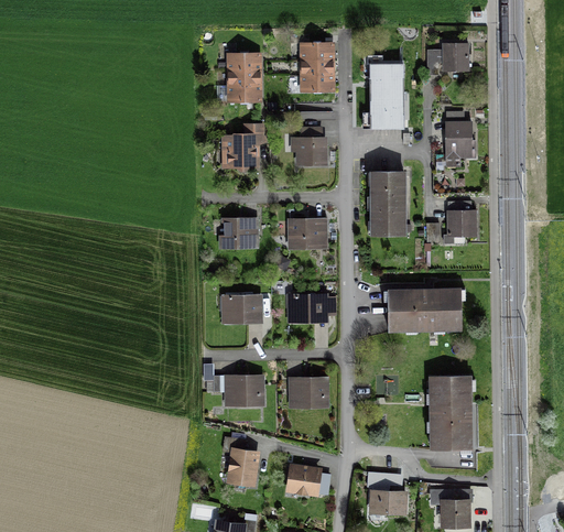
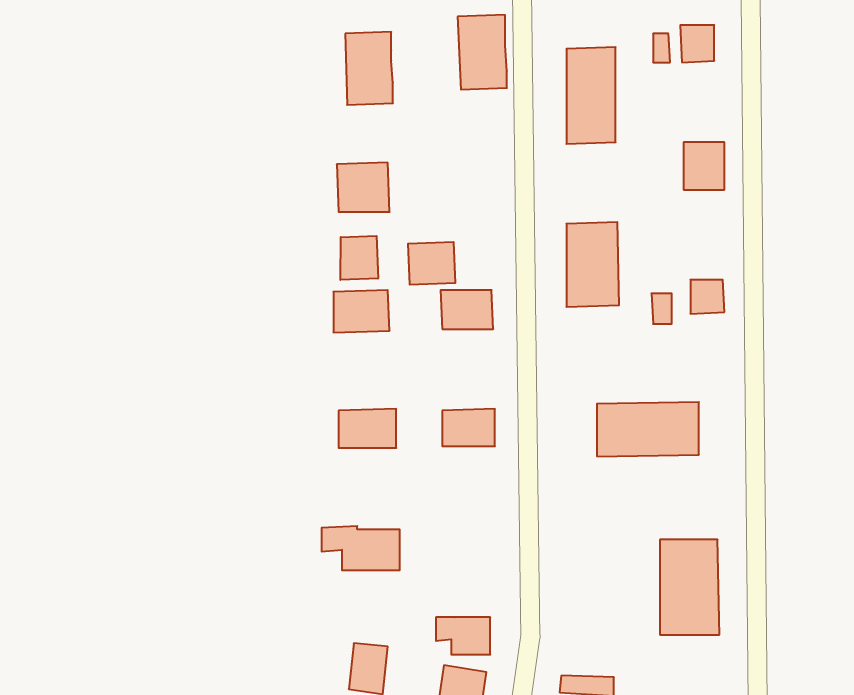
building: [296,137,327,164] -> [408,242,455,285]
building: none -> [340,236,378,280]
building: [291,378,326,402] -> [436,617,490,655]

